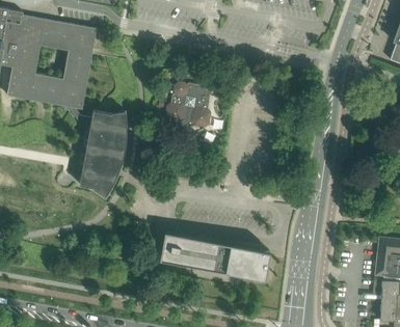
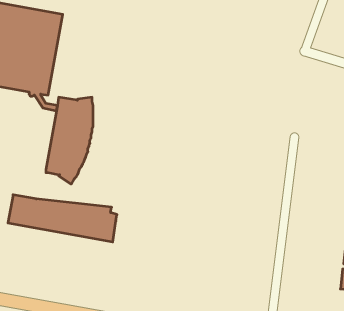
building: [165,83,211,133] -> none
building: [161,233,269,279] -> [8,195,117,242]

